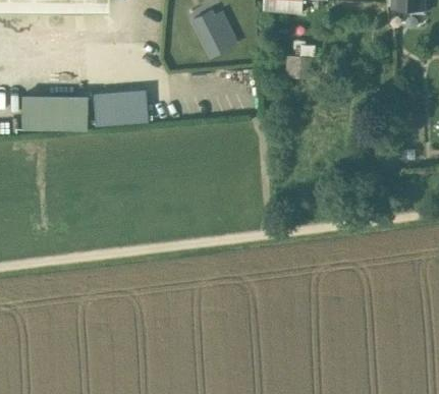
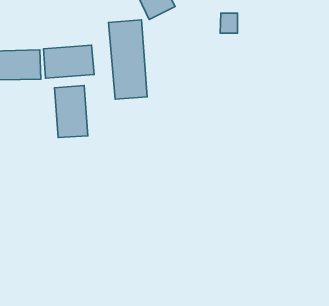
building: none -> [108,20,147,99]
building: none -> [55,85,88,137]

